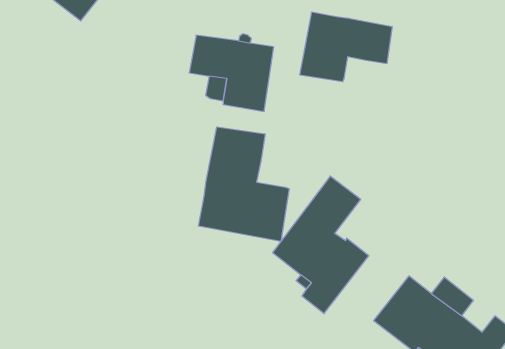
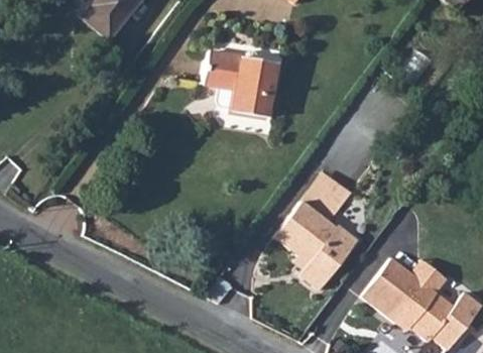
building: [300,12,392,82] -> none
building: [199,127,289,242] -> none

